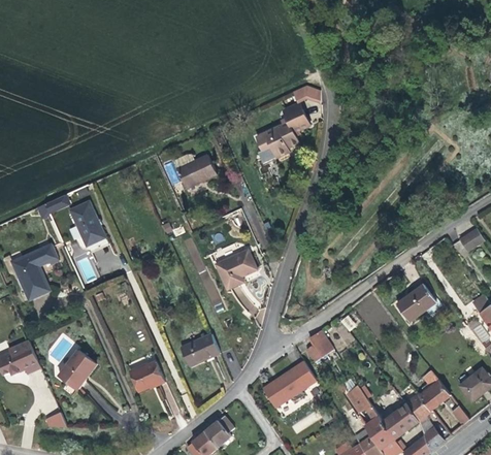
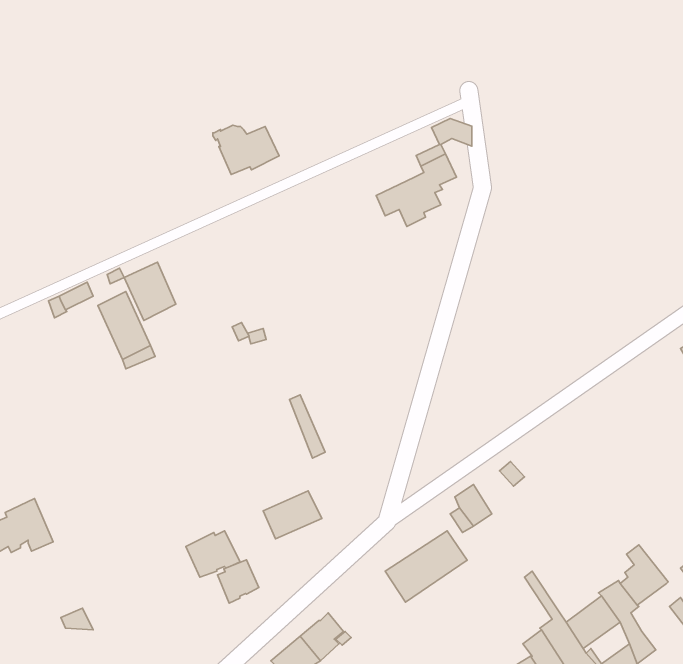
building: [172,154,217,187] -> [213,125,279,174]
building: none -> [124,262,176,320]
building: [211,243,256,289] -> none
building: [12,245,59,299] -> none
building: [396,285,437,322] -> none
building: [58,350,96,390] -> none
building: none -> [218,560,259,603]

